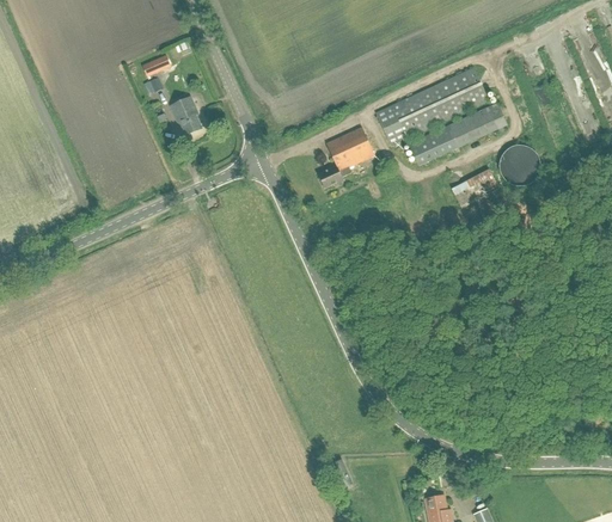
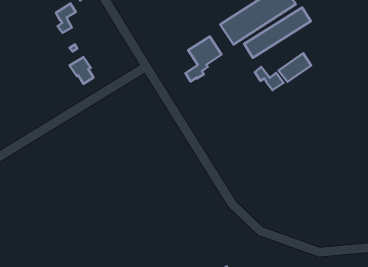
building: [171,96,203,134] -> [70,57,94,84]
building: [500,145,540,185] -> none
building: none -> [255,67,283,90]

